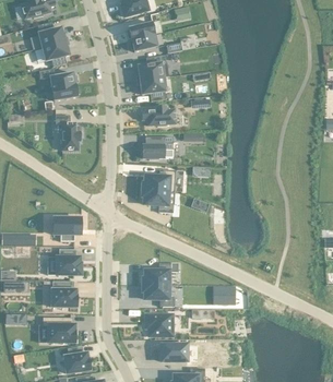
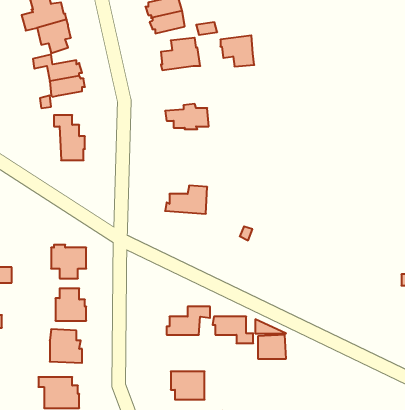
building: [140,76,166,100] -> [220,35,254,66]
building: [143,136,173,159] -> none
building: [142,189,174,212] -> none
building: [142,285,174,306] -> [213,317,253,343]

